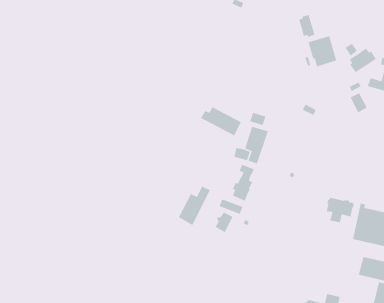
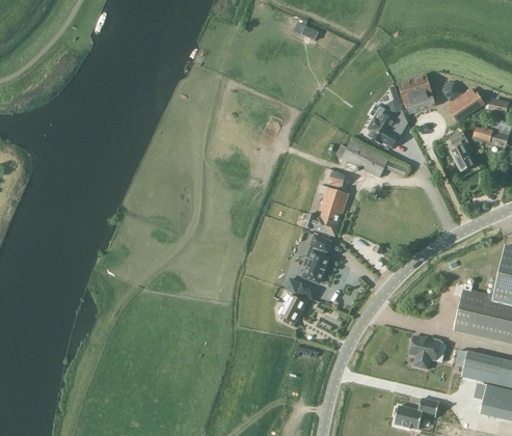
building: [298,14,315,38] -> none
building: none -> [368,112,399,147]
building: [200,106,242,137] -> [335,139,388,178]
building: [178,185,211,226] -> none
building: [326,197,355,223] -> [409,335,446,369]

